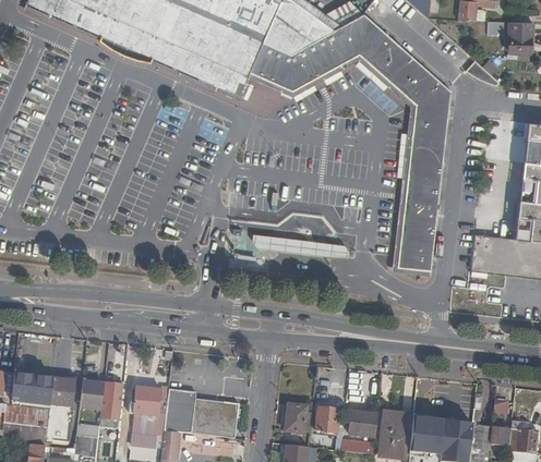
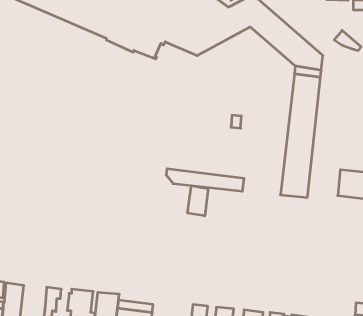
building: none -> [188,186,208,216]
building: [80,380,104,410] -> none

